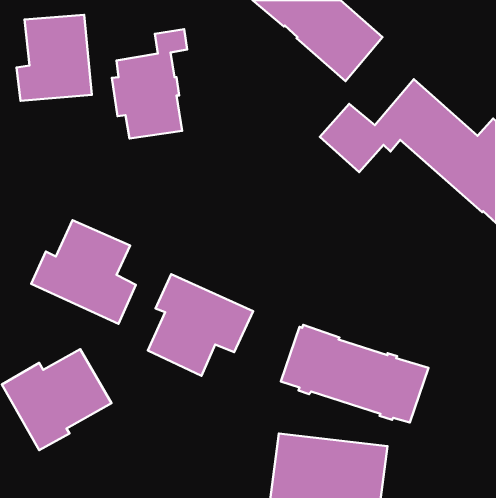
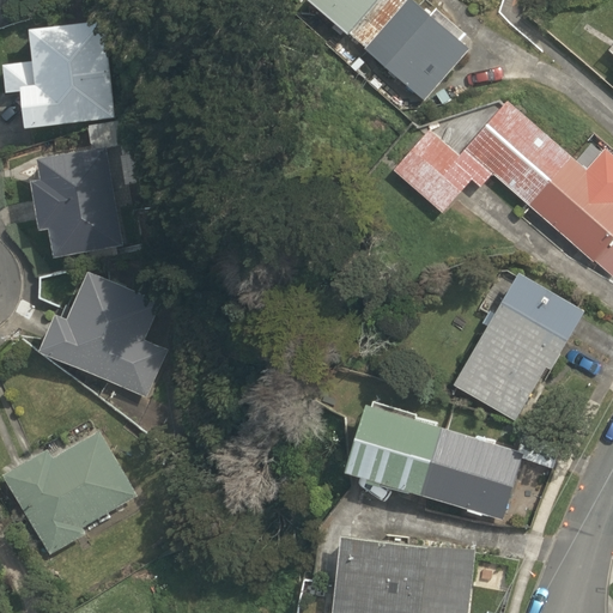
building: [112,29,187,139] -> [34,120,126,254]
building: none -> [451,269,585,420]
building: [148,274,253,376] -> none

